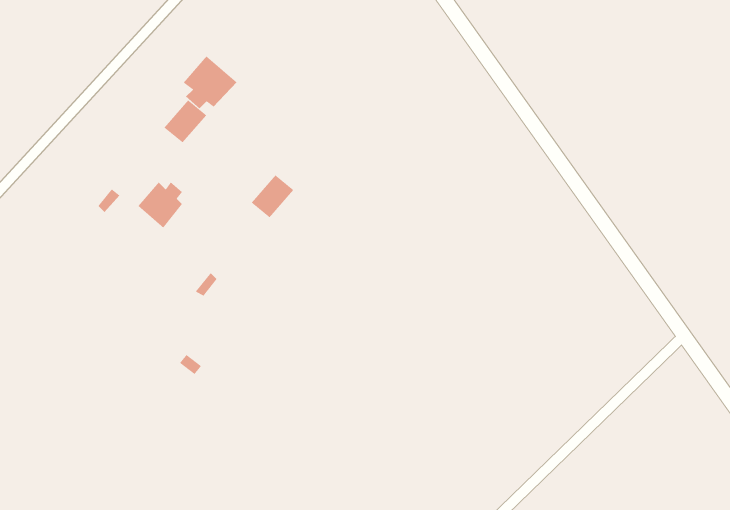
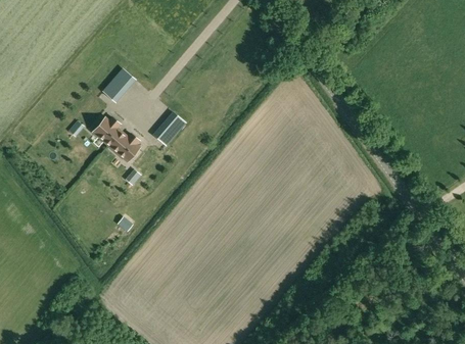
building: [183,56,238,109] -> none
building: none -> [108,131,139,161]

